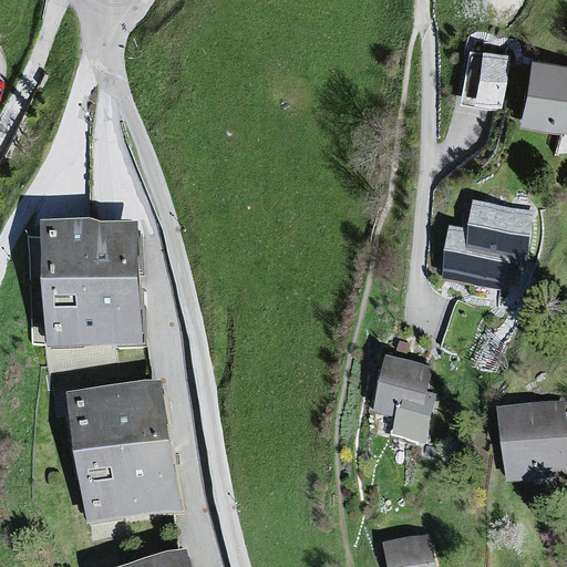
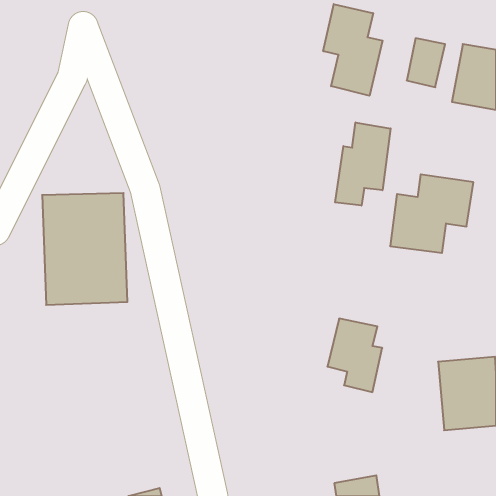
building: none -> [323,4,383,96]
building: none -> [335,122,391,206]
building: [72,382,182,523] -> none

